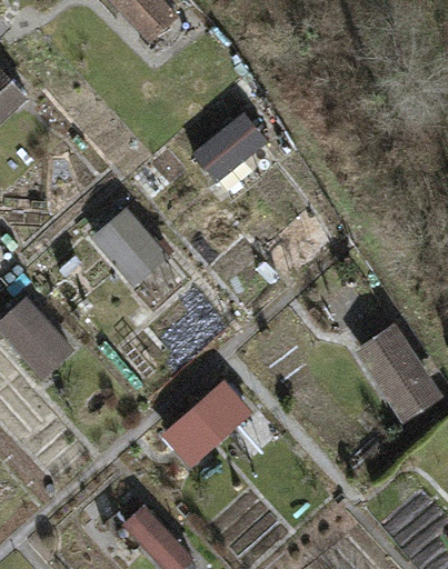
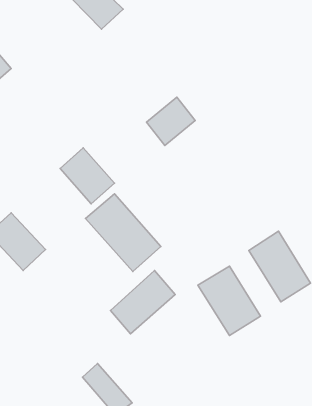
building: none -> [86,194,161,271]
building: none -> [198,266,260,335]

